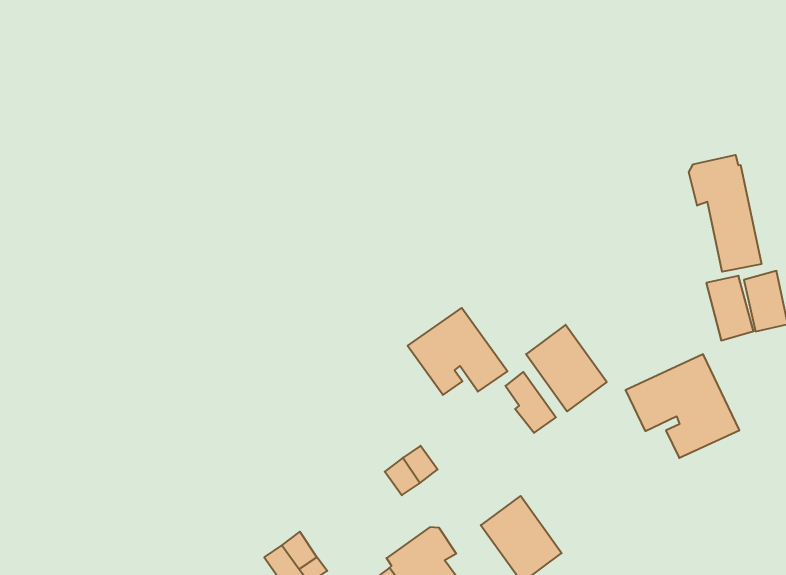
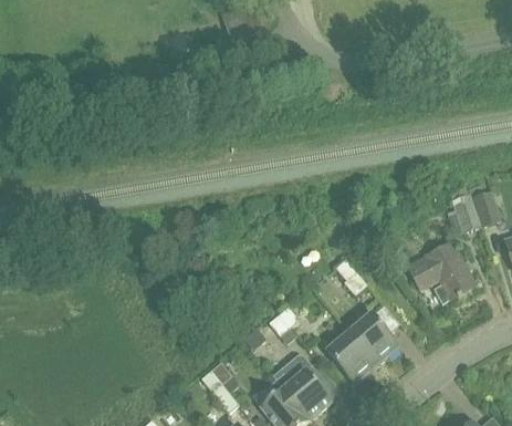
building: [689,155,761,272] -> none
building: [408,308,507,395] -> none
building: [526,325,607,411] -> [349,312,398,363]

